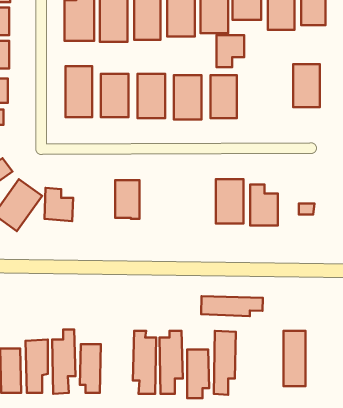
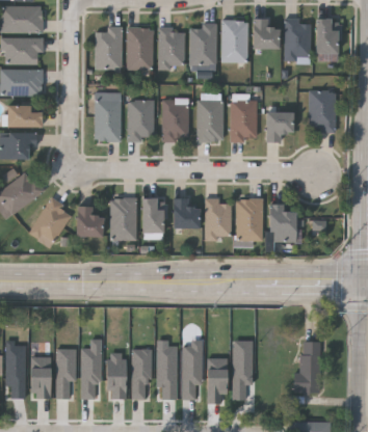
building: [217,35,244,67] -> [265,112,291,142]
building: none -> [205,197,231,240]
building: none -> [110,198,136,240]
building: none -> [172,199,199,228]
building: [201,296,263,316] -> none
building: none -> [133,349,152,400]

